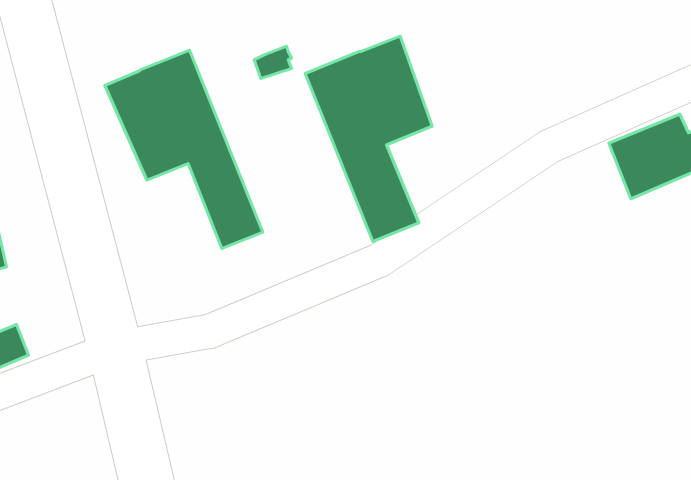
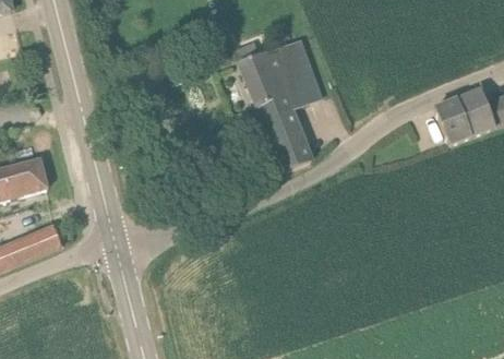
building: [105,50,263,249] -> none

